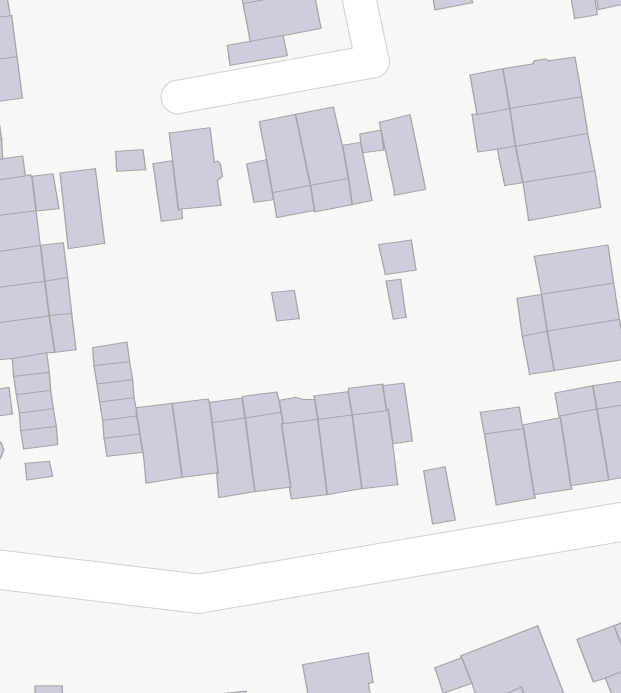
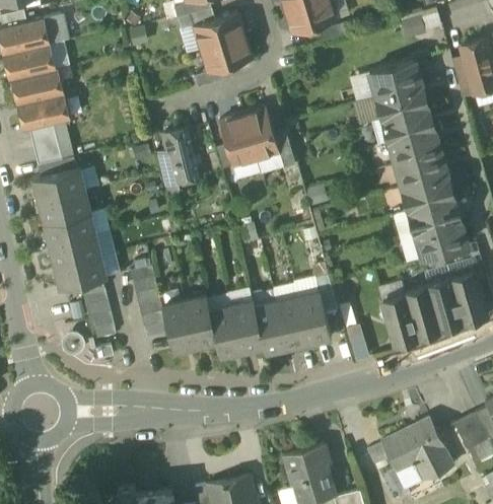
building: [380,115,425,195] -> none
building: [60,168,105,249] -> none
building: none -> [395,150,446,186]

